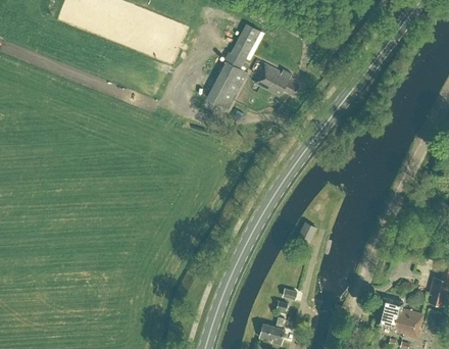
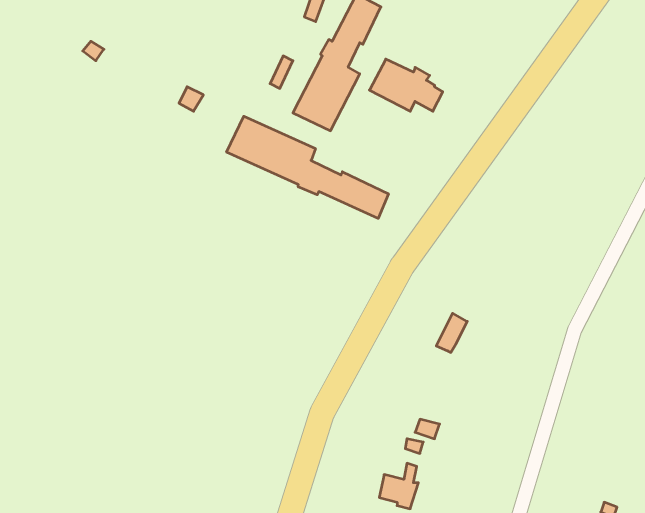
building: none -> [227,116,388,218]
building: [376,298,421,339] -> none

